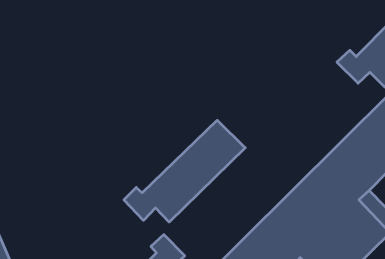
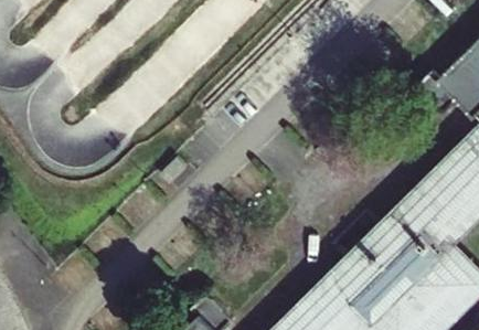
building: [124,120,245,222] -> none

